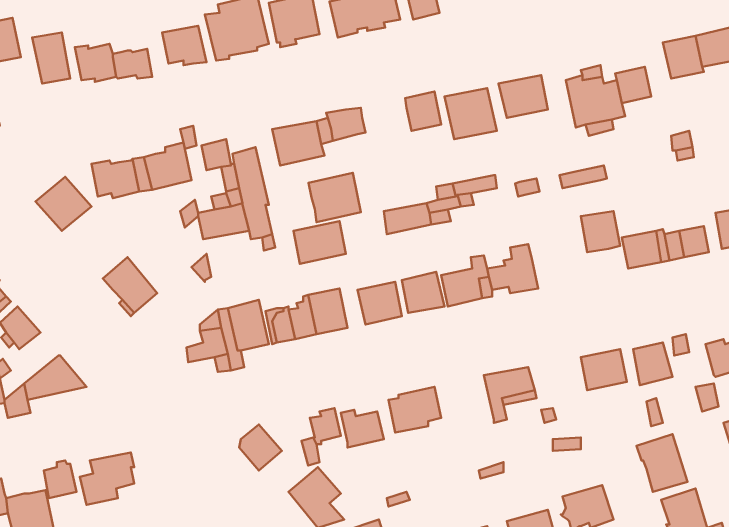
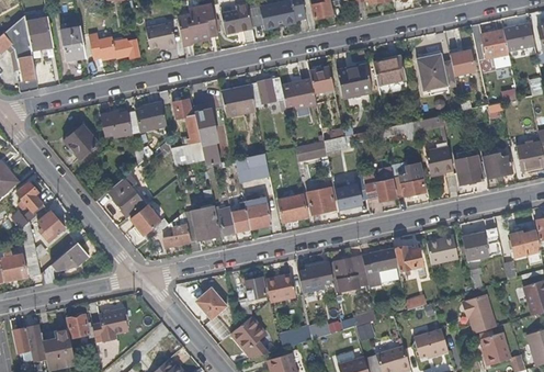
building: [308,173,361,222] -> [281,77,316,110]
building: none -> [394,162,424,198]
building: none -> [132,206,169,241]
building: none -> [395,247,422,271]
building: none -> [329,256,369,293]

